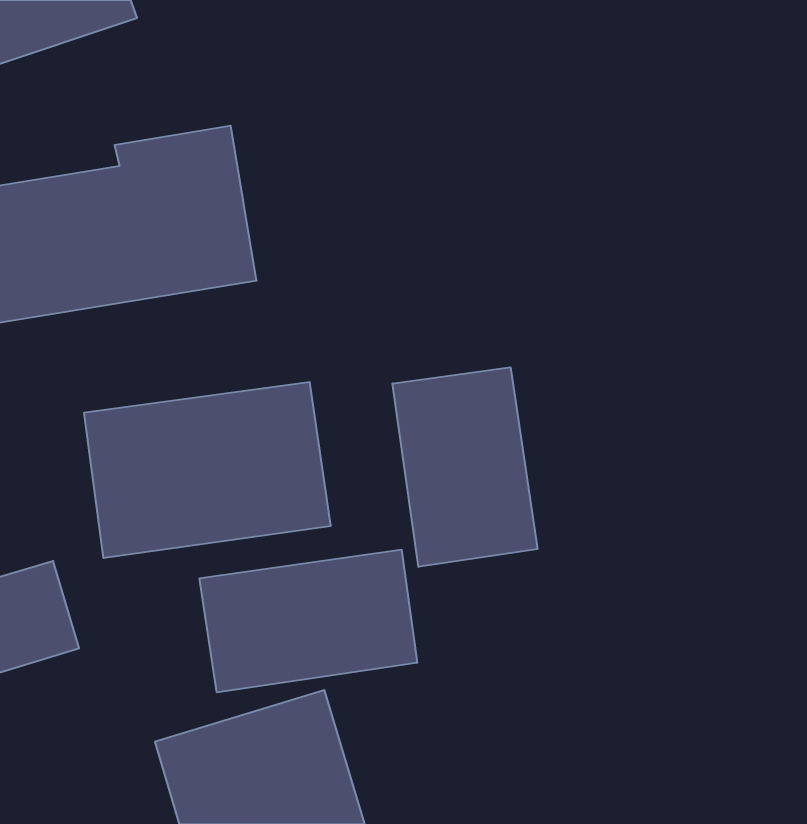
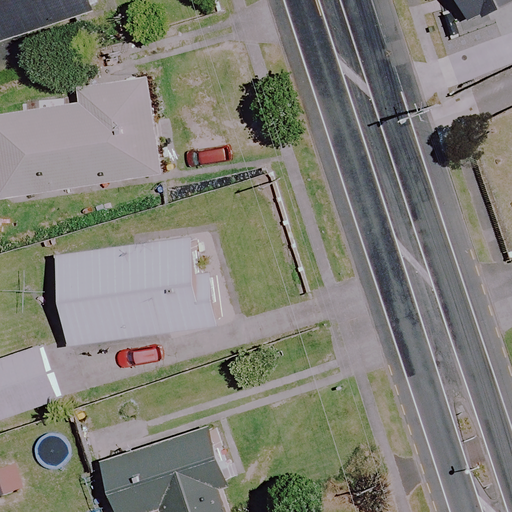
building: [392,367,537,567] -> none
building: [200,550,417,692] -> none

